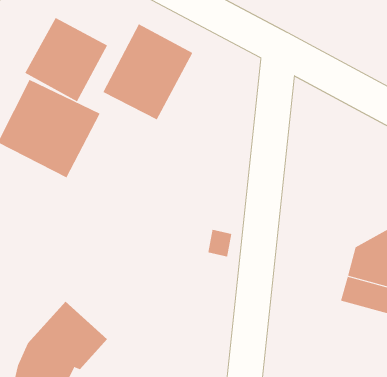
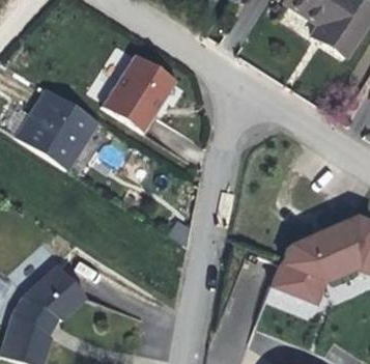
building: [24,17,108,102] -> none

